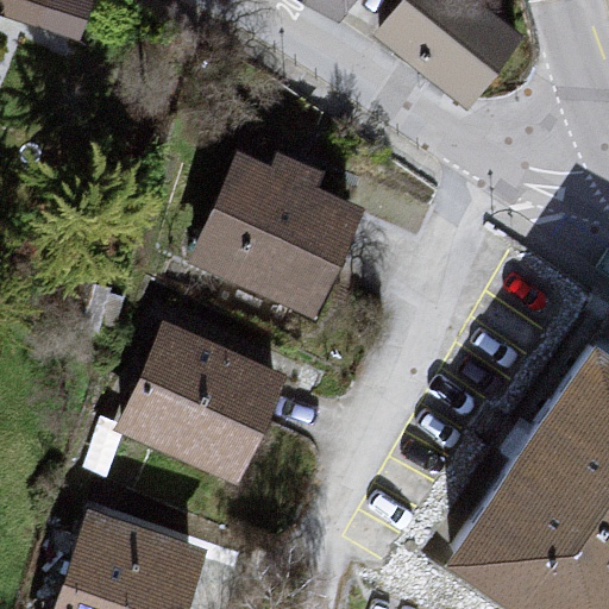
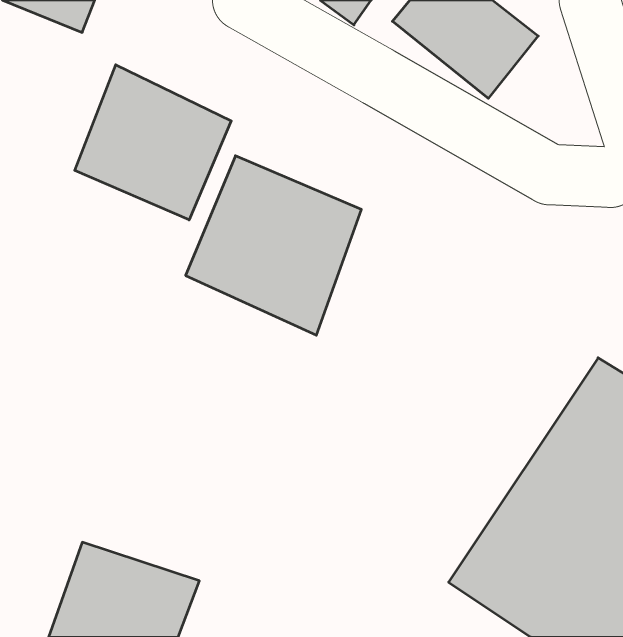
building: none -> [75,65,231,220]
building: [121,327,283,484] -> none

